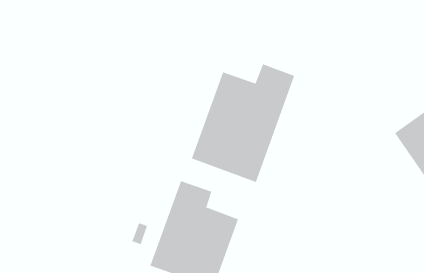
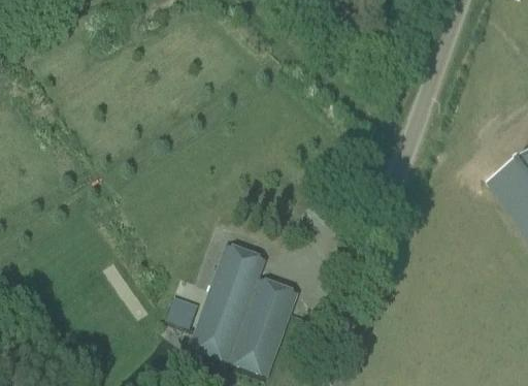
building: [191,63,295,183] -> none

